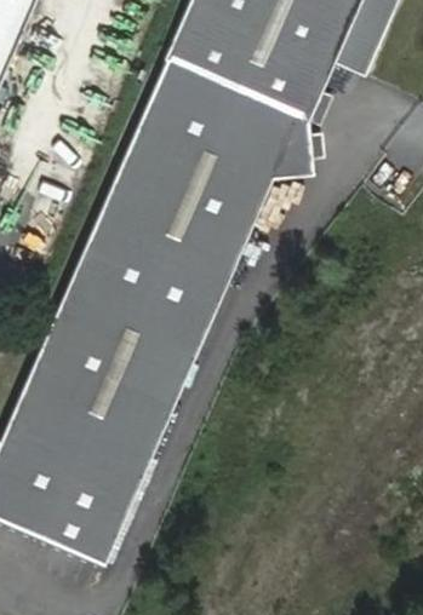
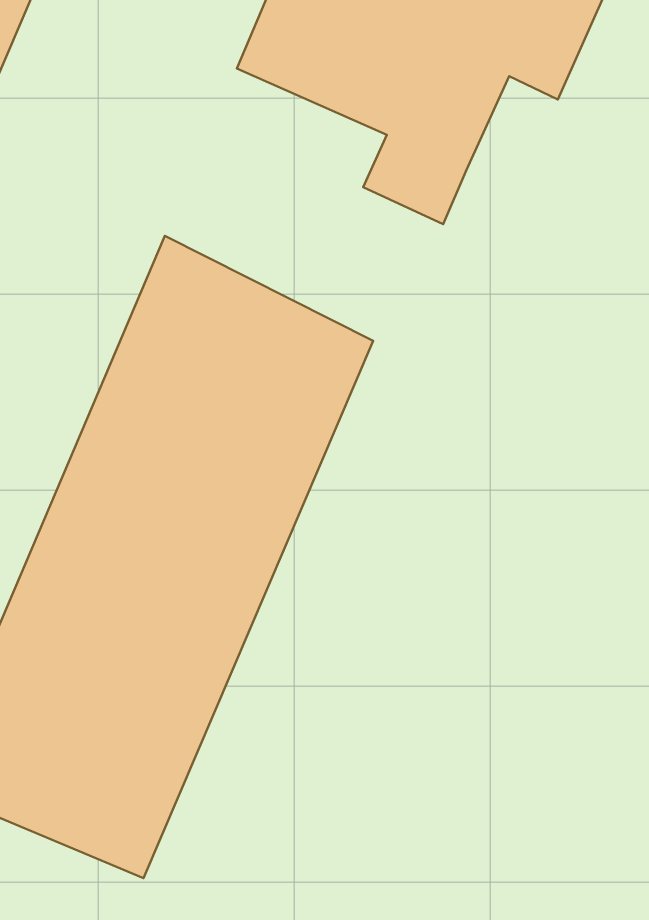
building: [119,56,313,225] -> none

